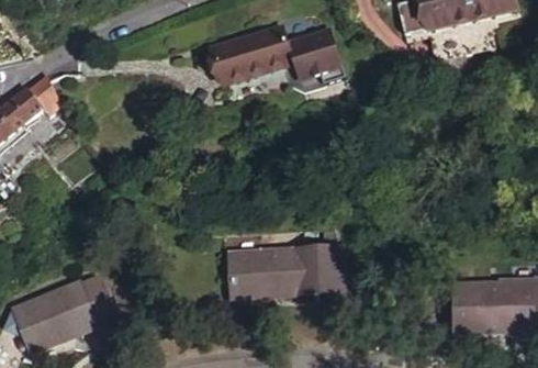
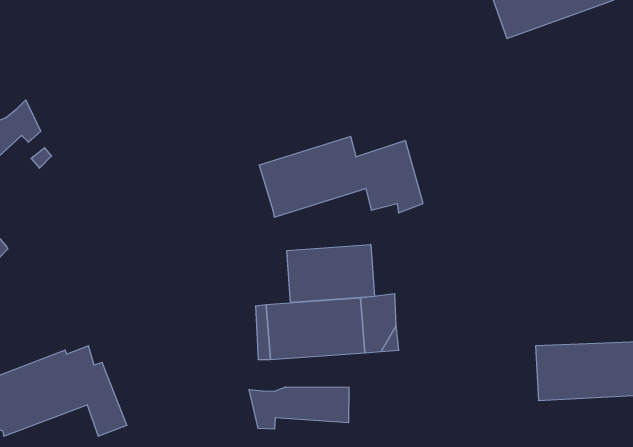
building: [206,26,338,91] -> [259,136,423,217]
building: none -> [287,244,374,303]
building: none -> [249,387,349,429]

